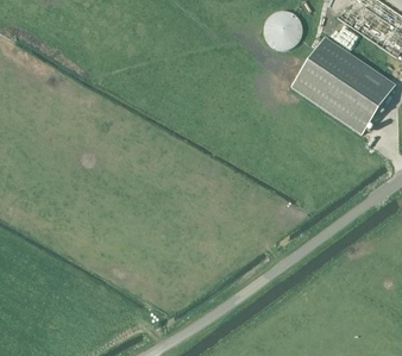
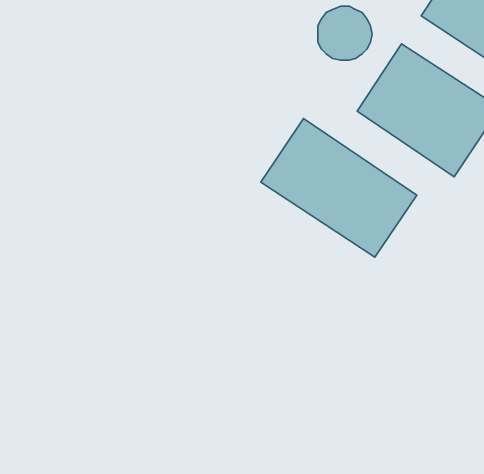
building: none -> [261,118,417,257]

